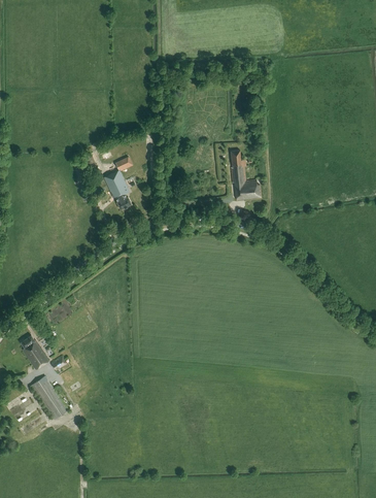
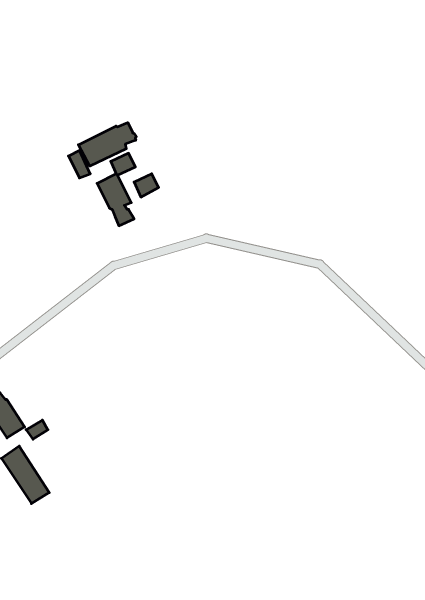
building: none -> [78,123,136,166]
building: [230,150,260,200] -> none

